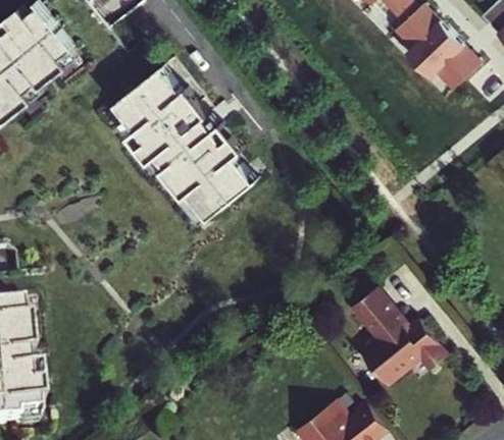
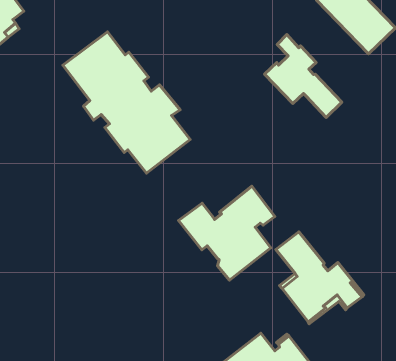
building: none -> [265,35,342,118]
building: none -> [178,186,275,280]

